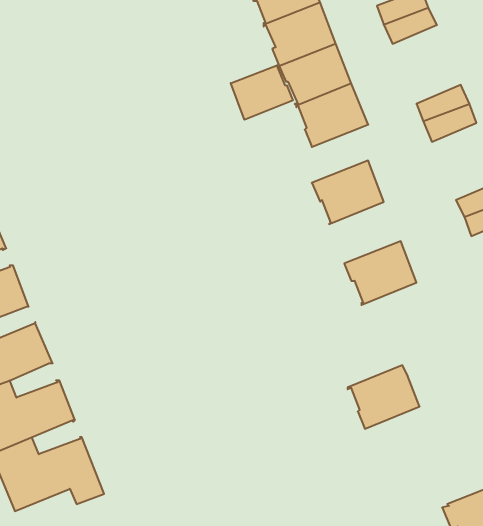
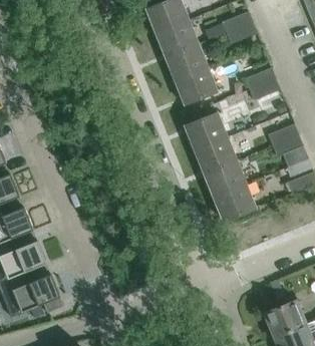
building: [231,65,293,120] -> none
building: none -> [194,136,236,172]
building: [348,365,420,429] -> [213,184,255,221]

